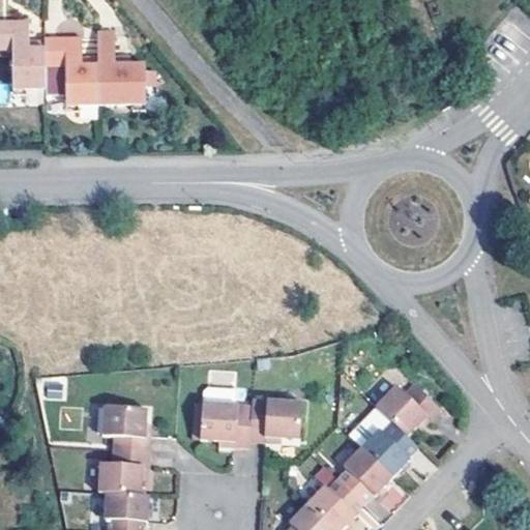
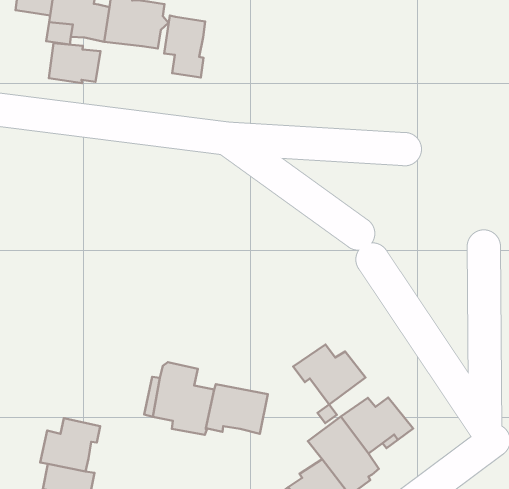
building: none -> [164,15,205,77]
building: none -> [49,43,101,83]
building: none -> [293,345,365,404]
building: [102,409,150,452] -> none

